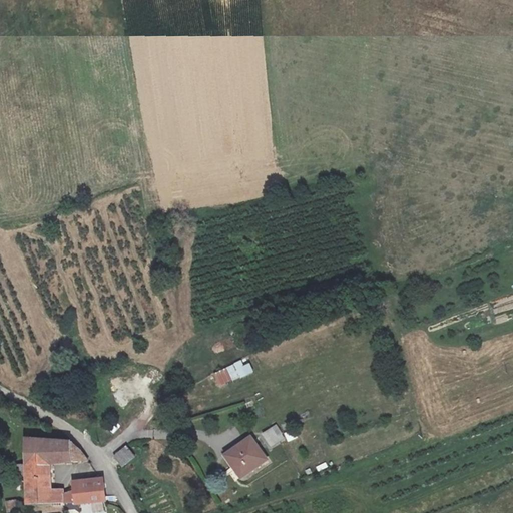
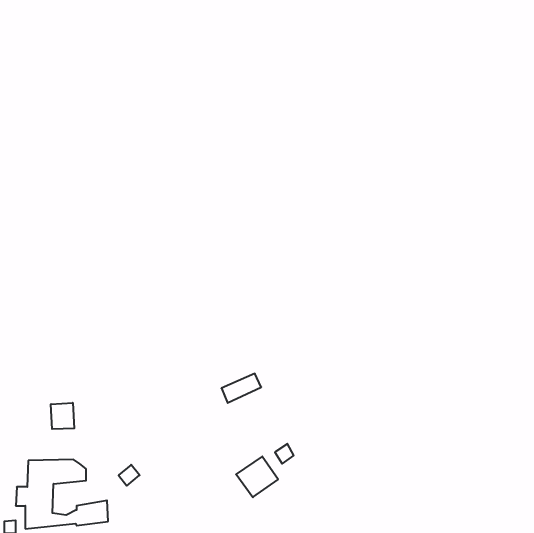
building: none -> [51,403,74,429]

